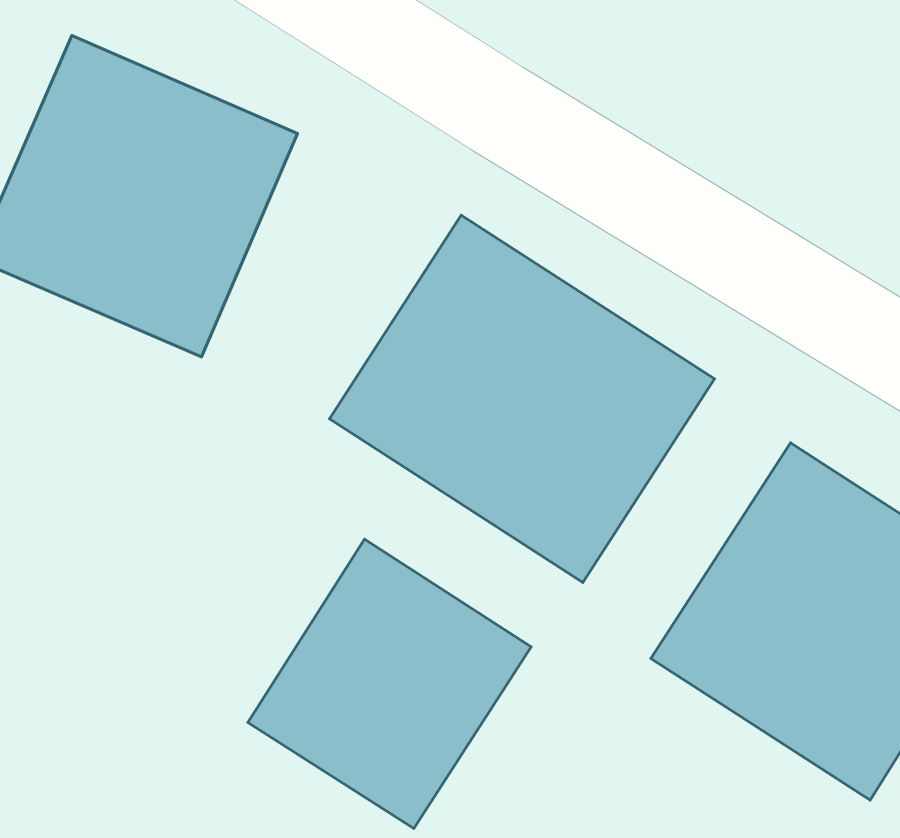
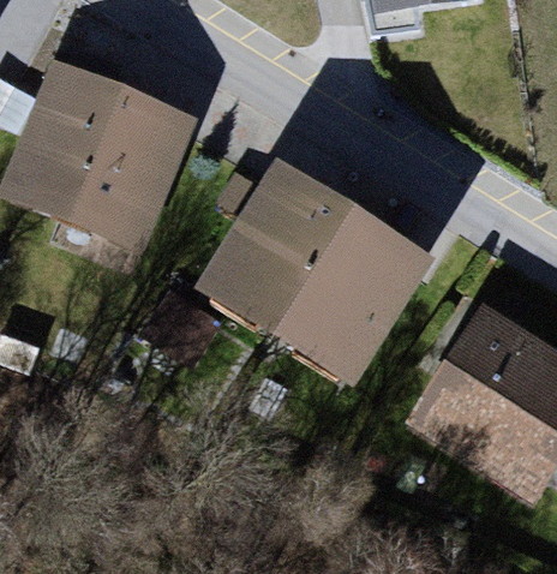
building: [248,539,531,829] -> none

